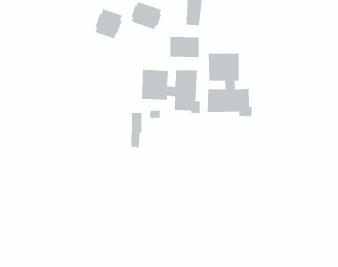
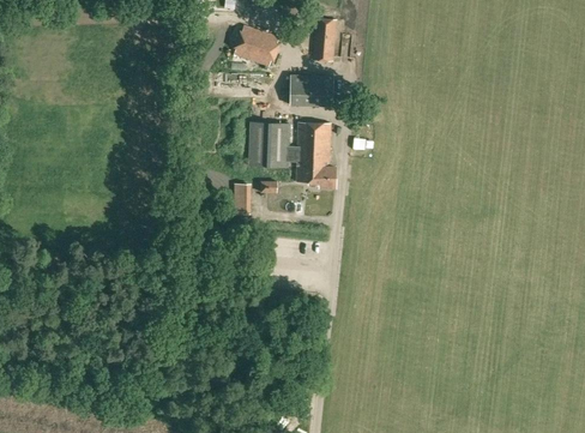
building: [94,8,123,39] -> none
building: [207,53,252,117] -> none

